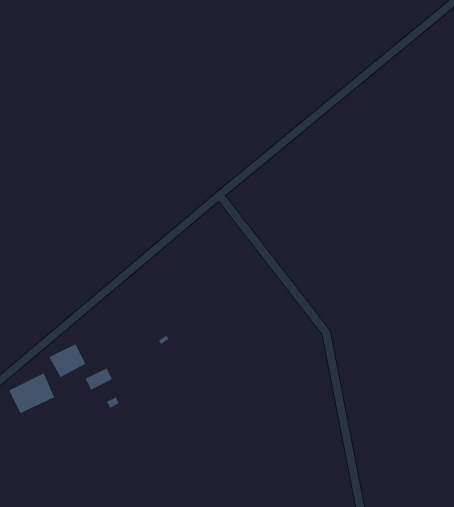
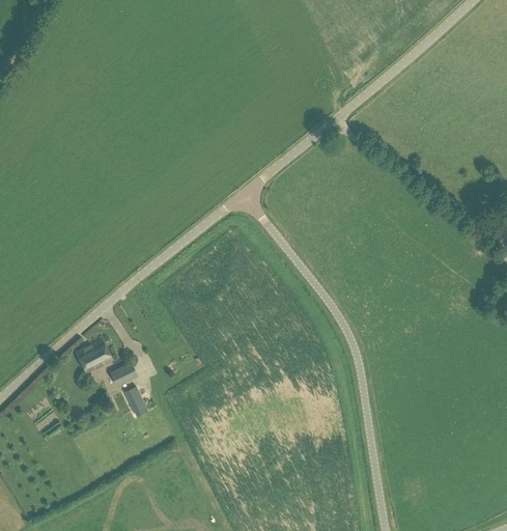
building: [8,372,55,414] -> none

